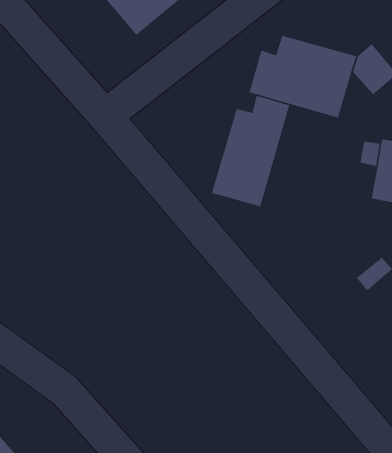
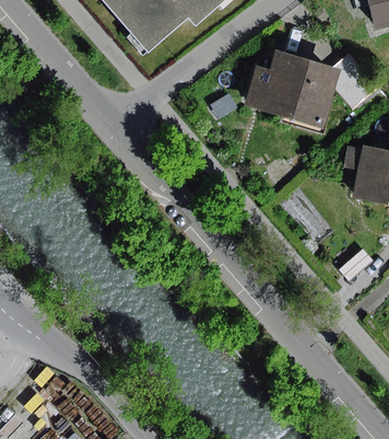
building: [211,95,290,207] -> none

